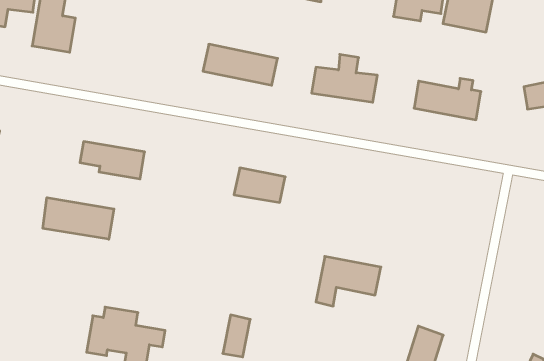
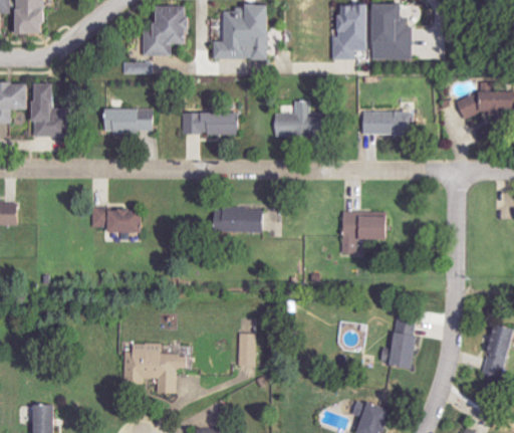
building: none -> [101,106,153,133]
building: [43,198,114,239] -> none
building: [316,256,381,306] -> [339,213,389,253]

